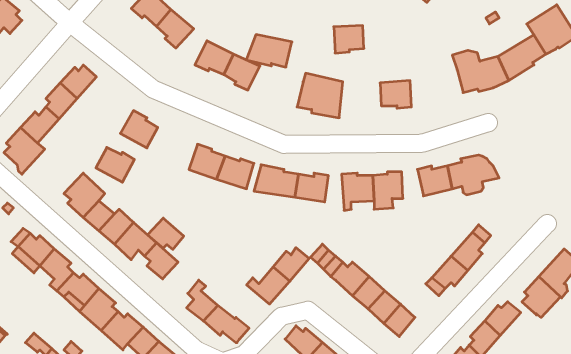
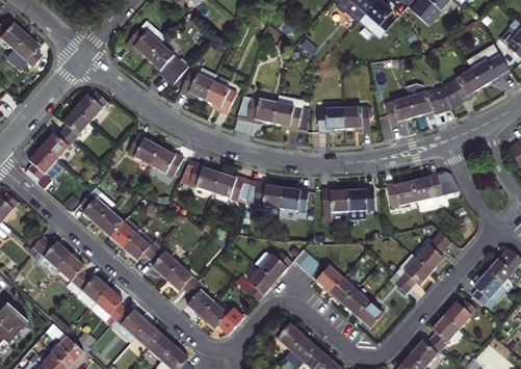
building: [334,26,364,53] -> [324,107,350,131]
building: [246,35,292,67] -> [243,100,283,128]
building: none -> [391,96,421,126]
building: [96,147,134,182] -> [148,146,181,176]
building: [148,218,184,249] -> [161,262,192,289]

